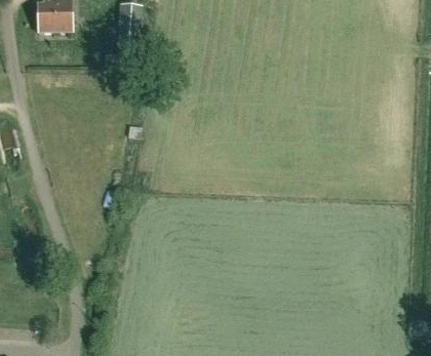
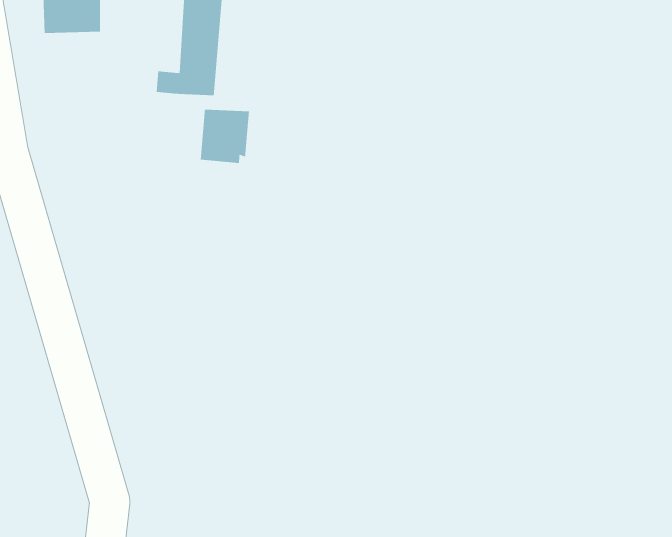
building: none -> [200,109,250,164]

